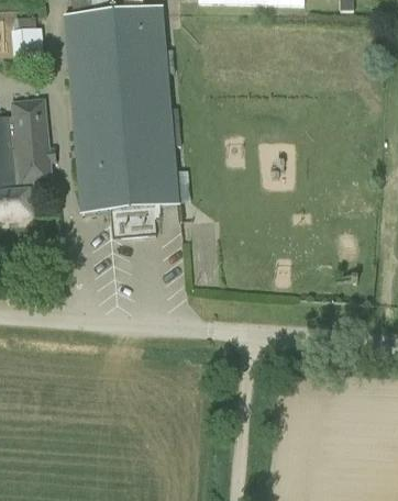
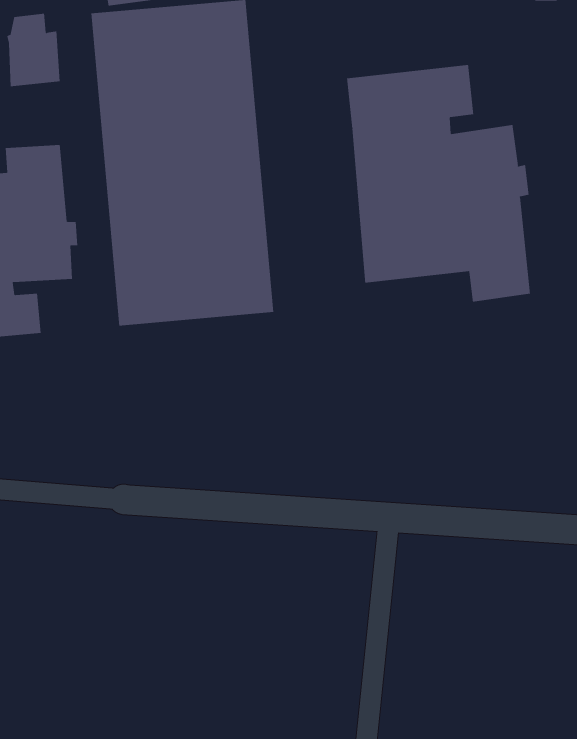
building: none -> [346,64,530,303]

